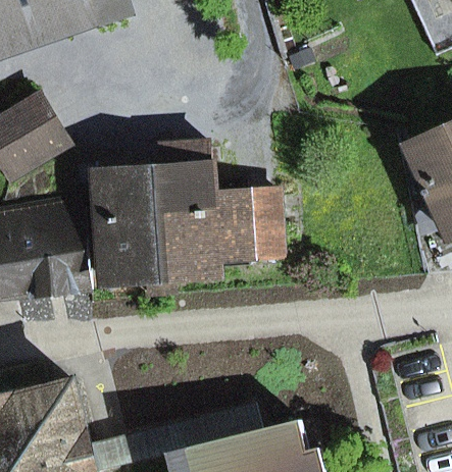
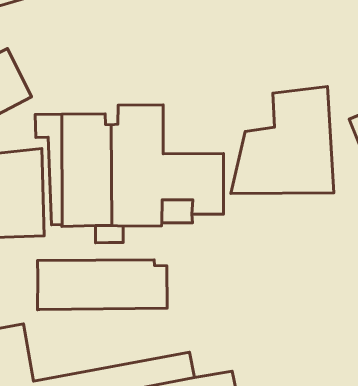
building: none -> [231,87,334,194]
building: none -> [37,260,167,310]

